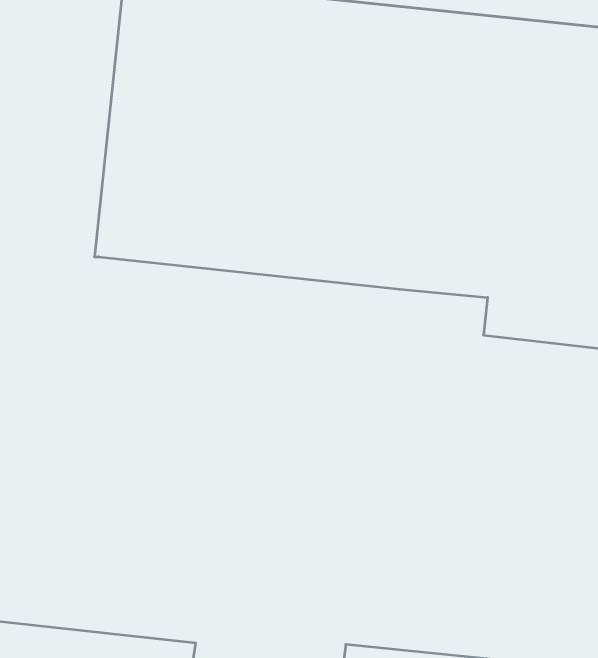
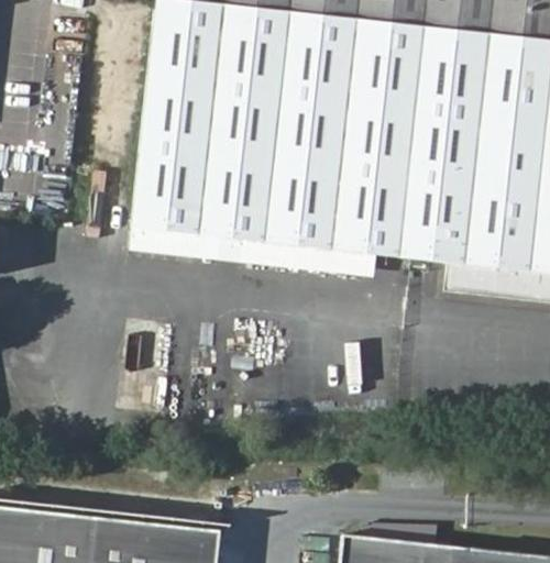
building: none -> [132,220,380,268]

